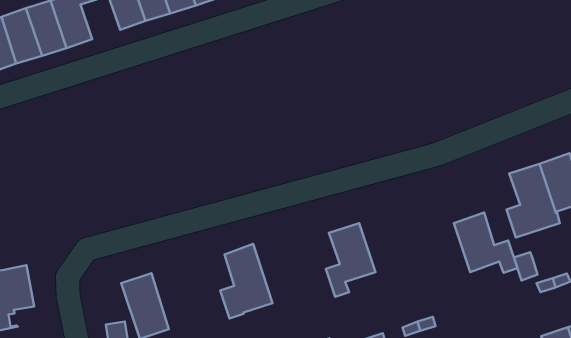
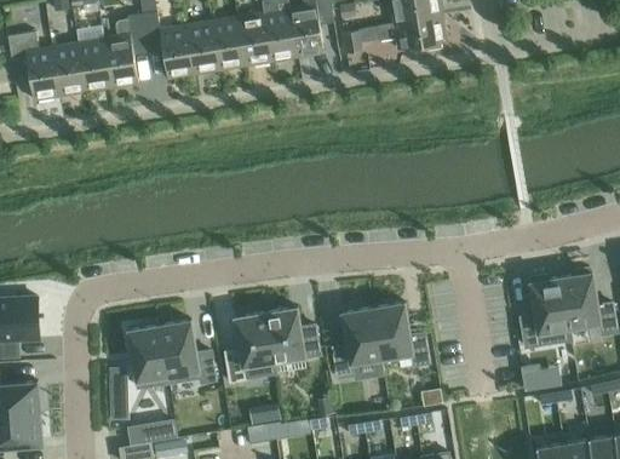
building: [454,212,517,273] -> [373,302,429,365]
building: none -> [265,306,320,373]
building: none -> [160,320,216,383]

